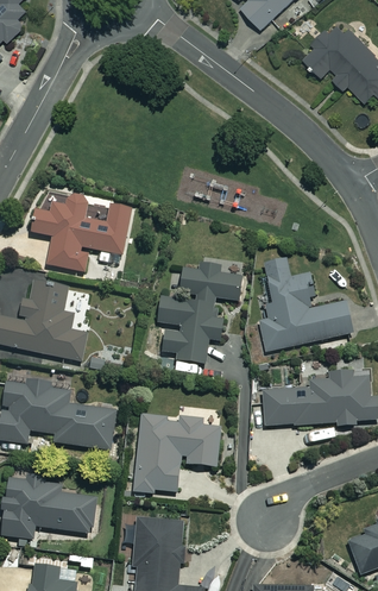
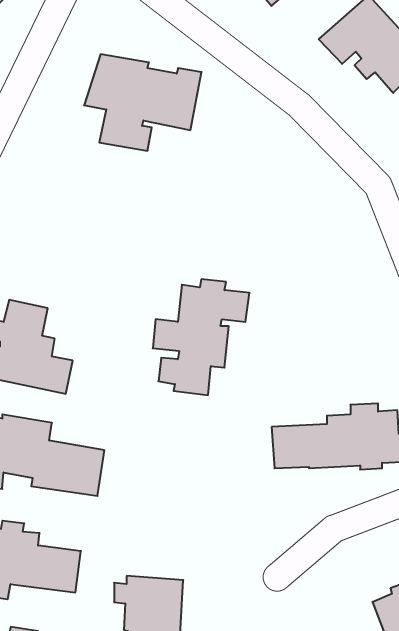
building: [31,189,132,272] -> [84,54,202,151]
building: [257,258,352,352] -> none
building: [133,413,220,492] -> none

